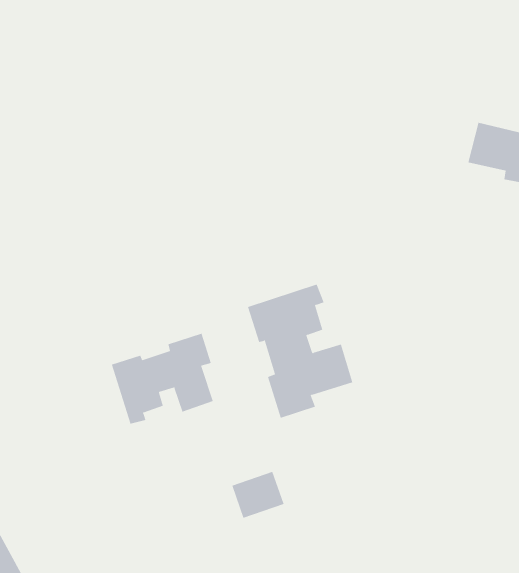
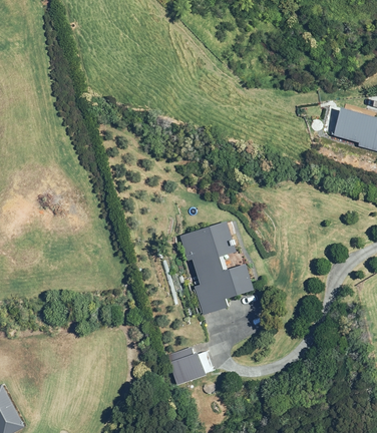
building: [111,333,214,425] -> none

